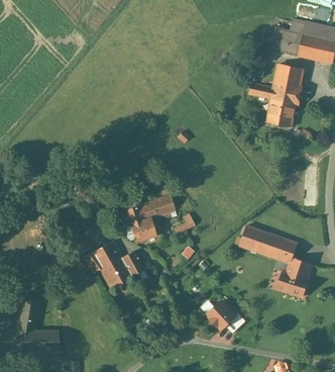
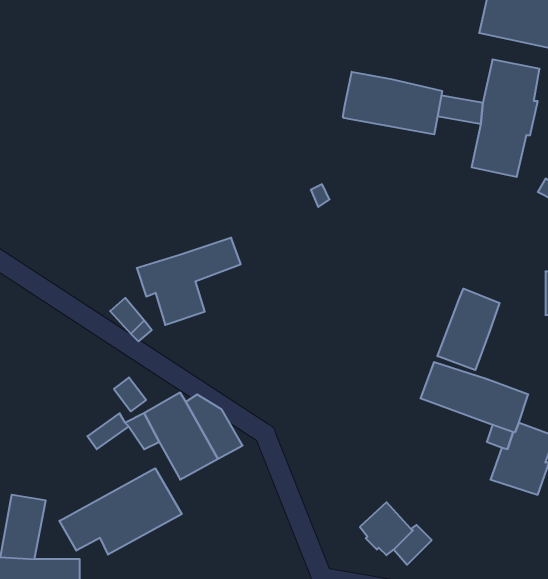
building: none -> [343,72,442,134]
building: none -> [437,289,500,370]
building: [119,195,175,242] -> [137,238,241,325]
building: none -> [59,468,182,555]

